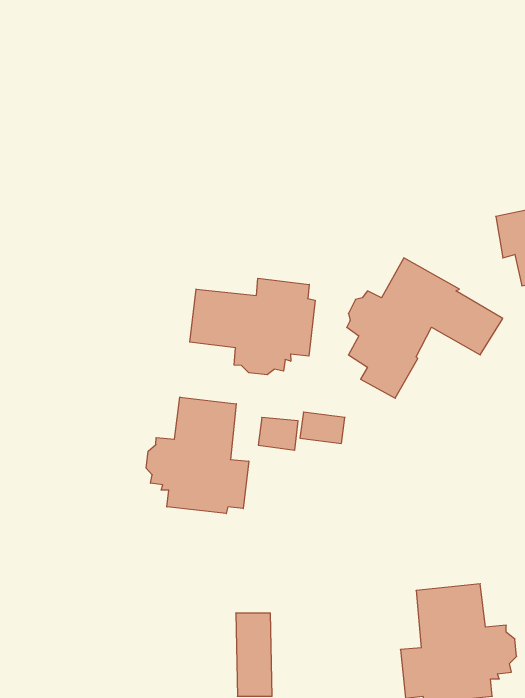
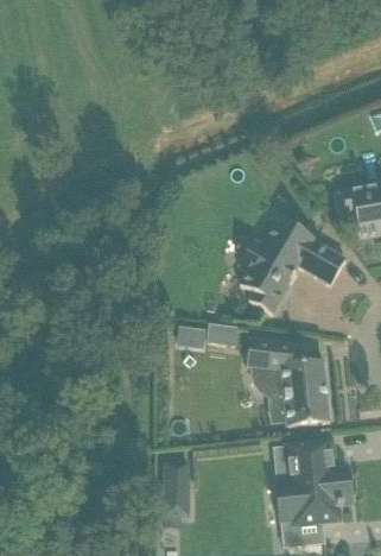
building: [190,278,315,375] -> none
building: [146,397,249,514] -> none
building: none -> [246,337,330,425]

